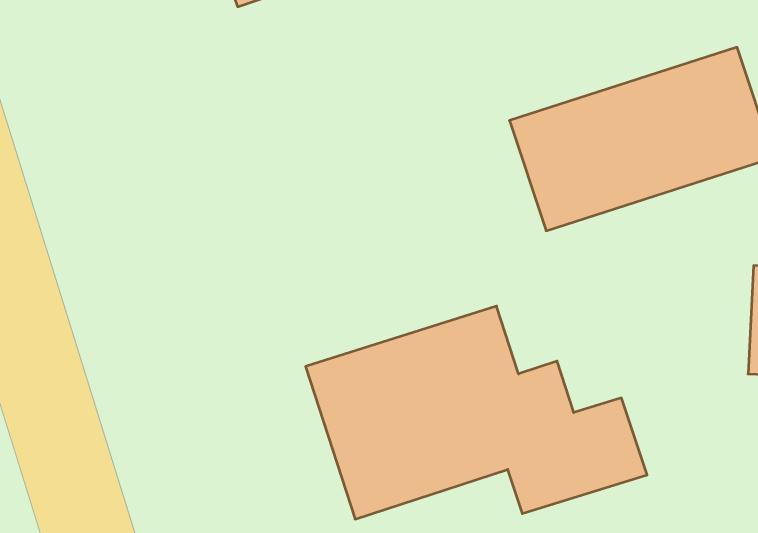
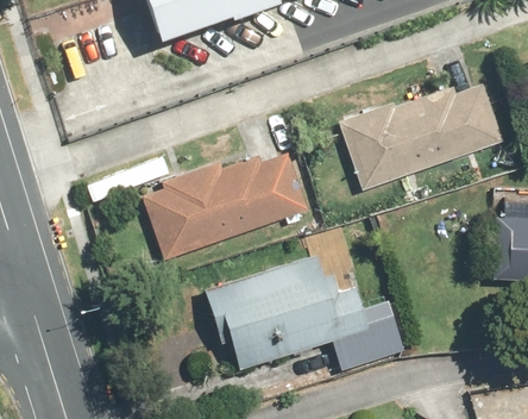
building: none -> [144,142,313,255]

